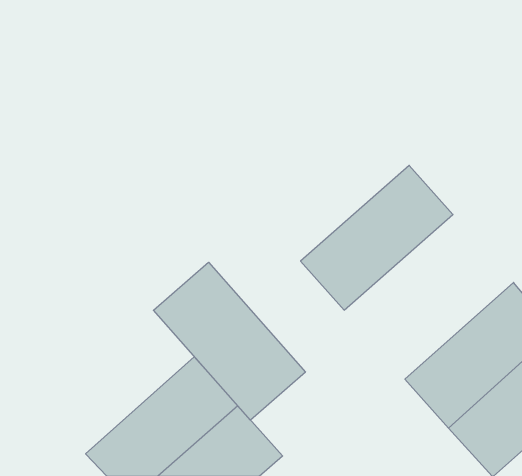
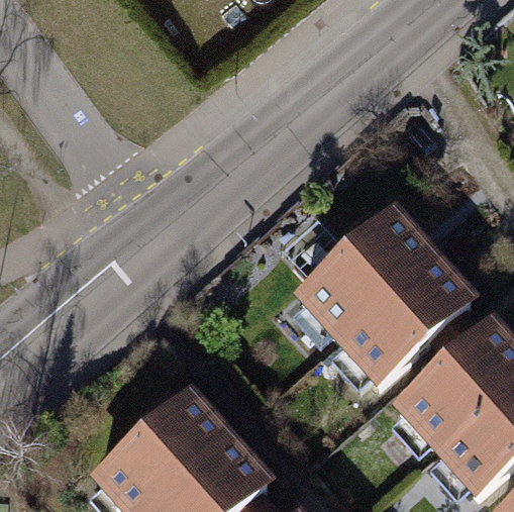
building: none -> [332,247,478,386]
building: [153,262,305,420] -> none

